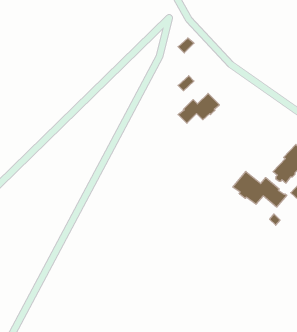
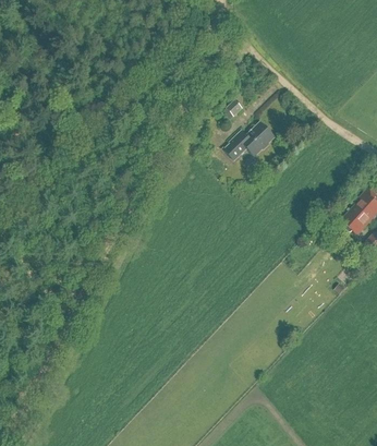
building: [233,171,287,207] -> none

